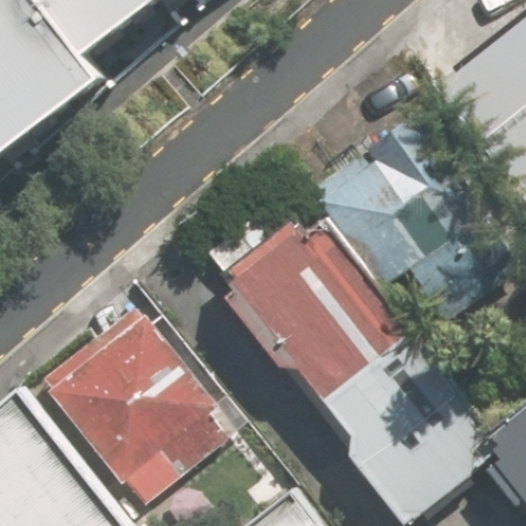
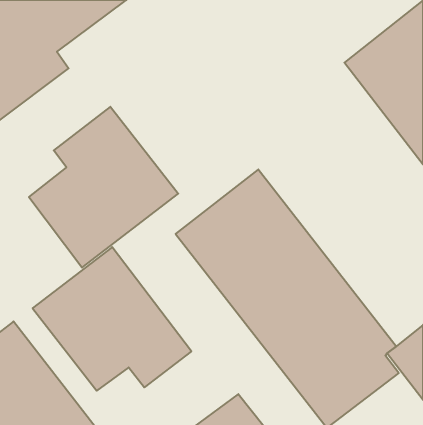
building: [321,122,515,321] -> none
building: none -> [29,107,178,268]

